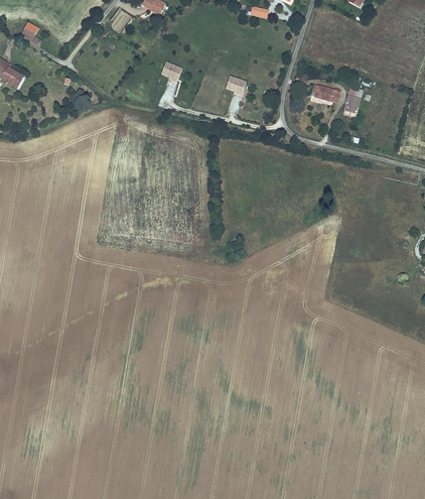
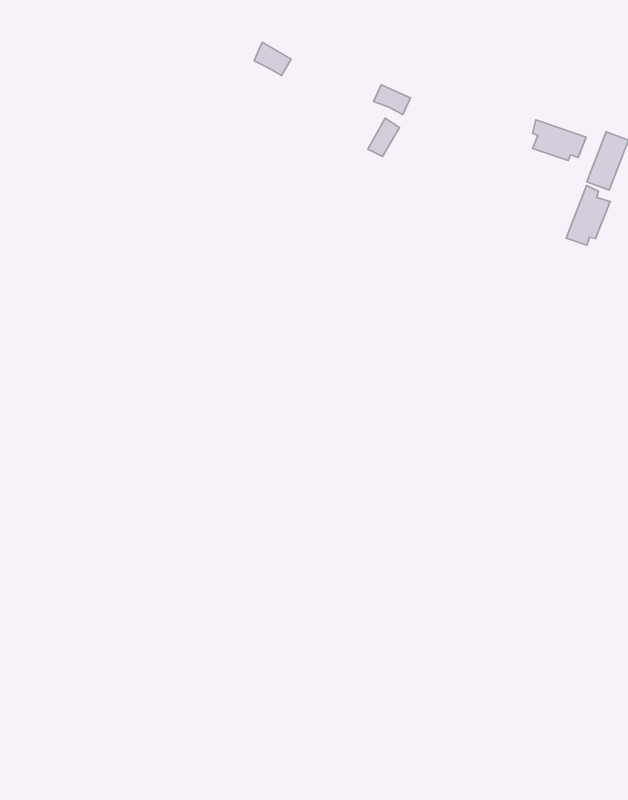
building: none -> [566,185,610,245]

